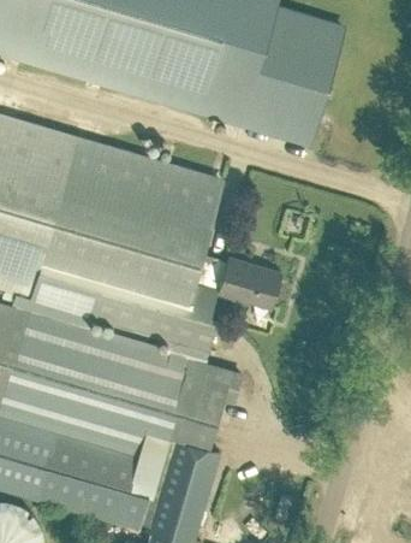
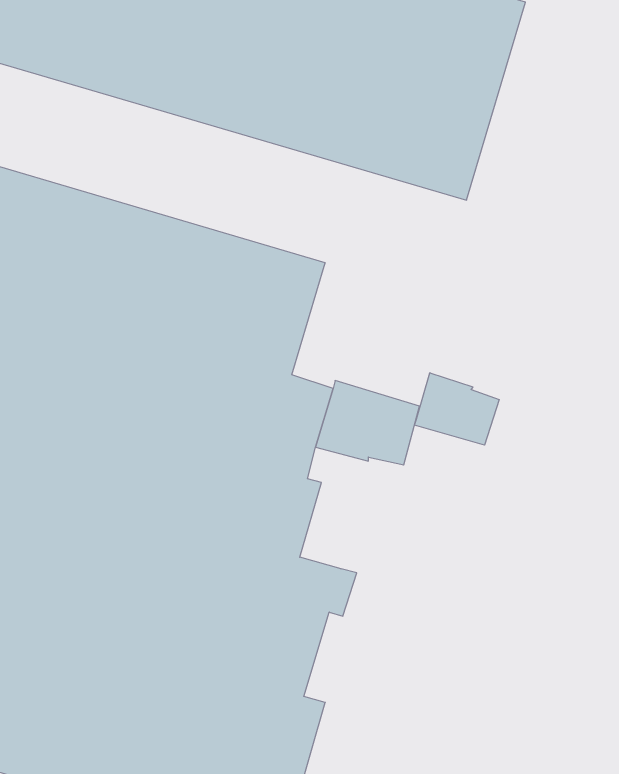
building: none -> [414,373,499,445]

